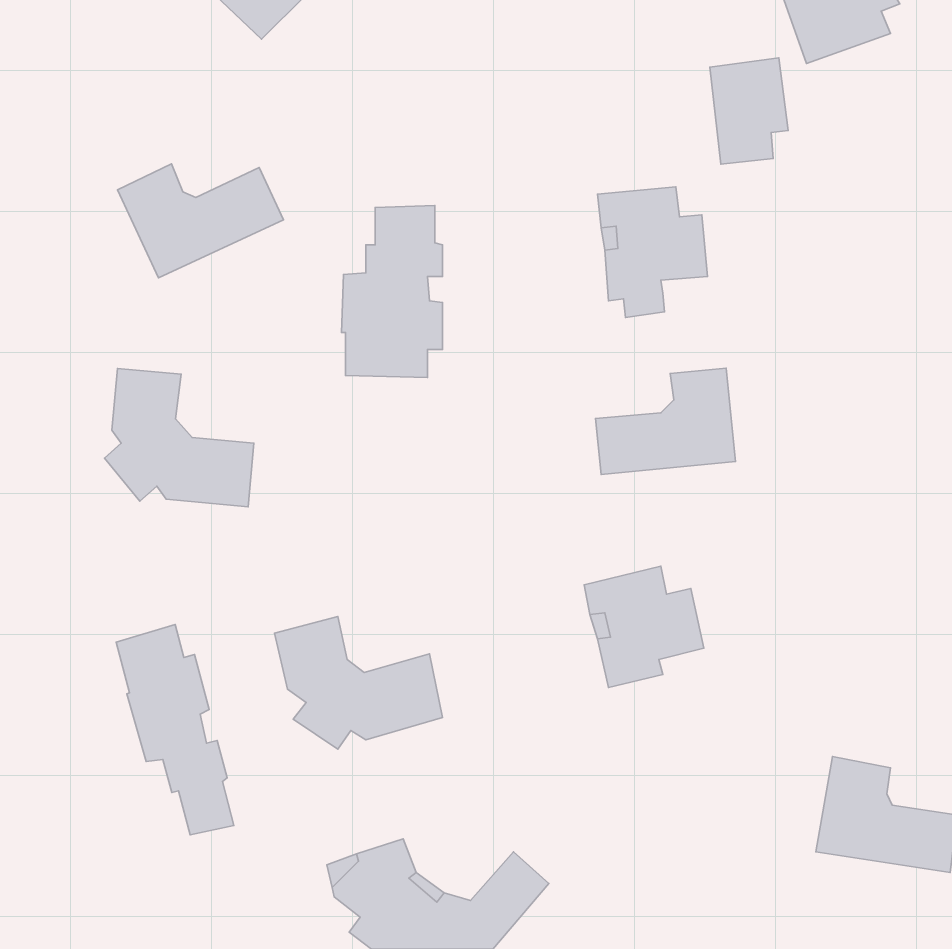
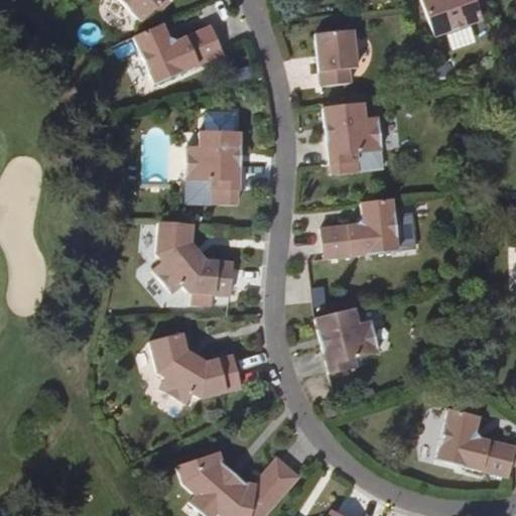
building: [710,58,788,164] -> [318,27,361,85]
building: [117,164,284,278] -> [134,24,224,86]
building: [104,368,254,507] -> [153,221,234,295]
building: [116,624,234,835] -> none

